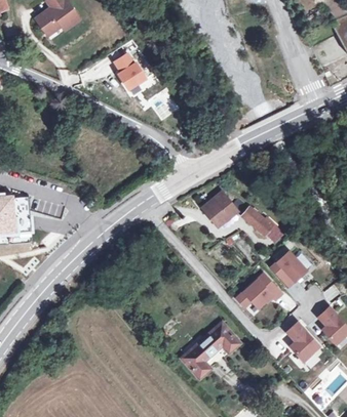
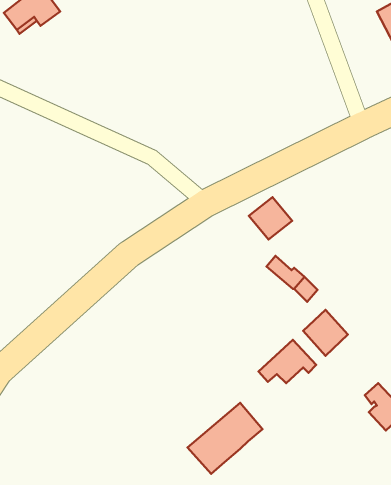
building: [114,53,146,89] -> none
building: [201,194,235,226] -> [249,197,292,239]
building: [285,323,317,363] -> none

